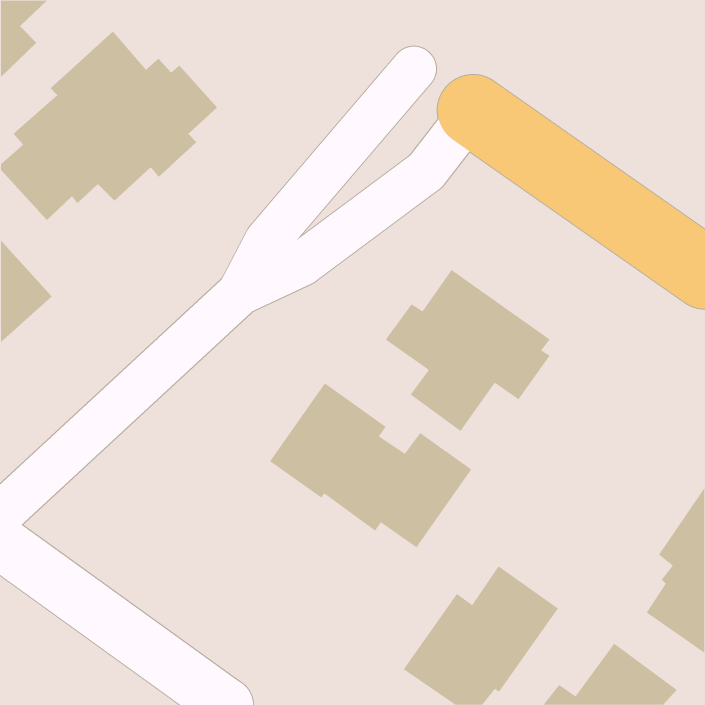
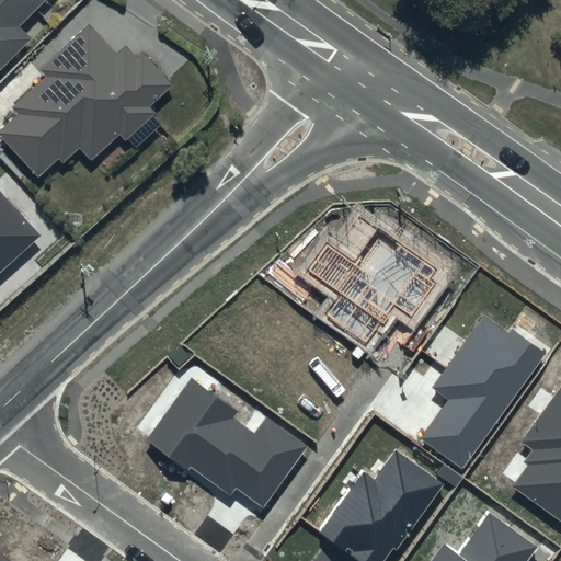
building: [269,383,472,548] -> [147,377,308,508]
building: none -> [421,317,546,468]

